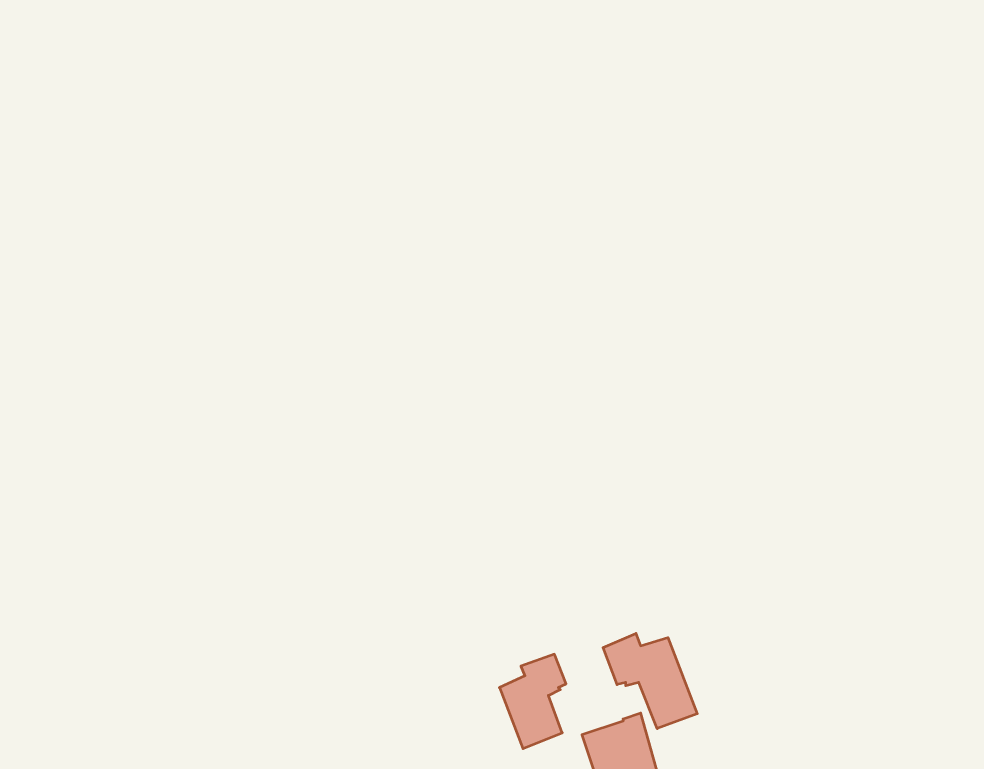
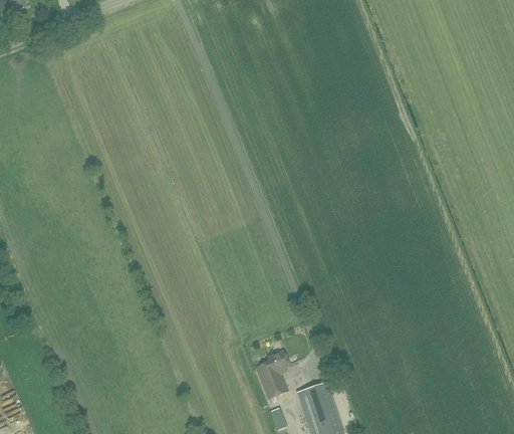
building: [603,633,697,729] -> none

